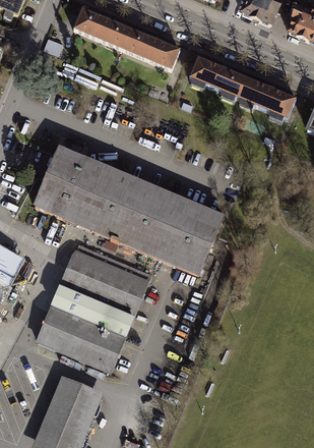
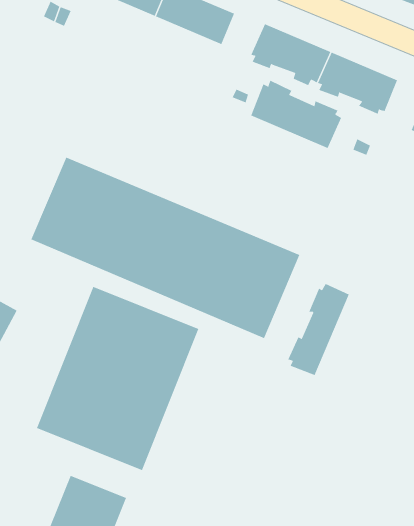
building: none -> [251,80,342,149]
building: none -> [287,283,349,376]

